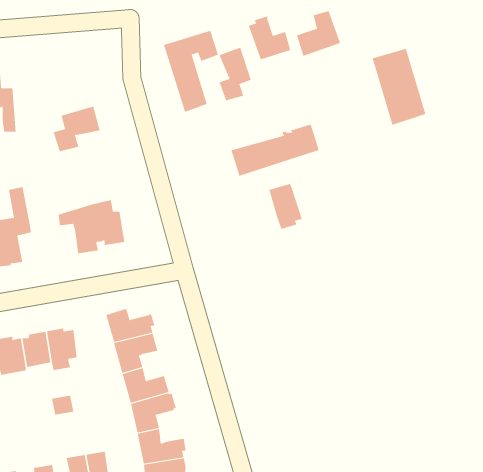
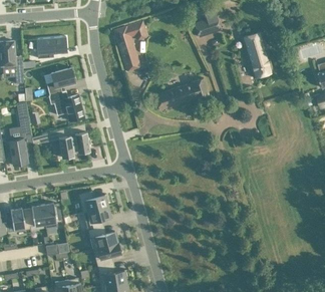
building: [248,16,291,60] -> none
building: [219,47,251,101] -> none
building: none -> [36,36,67,58]
building: none -> [48,91,84,120]
building: [269,183,303,230] -> none

